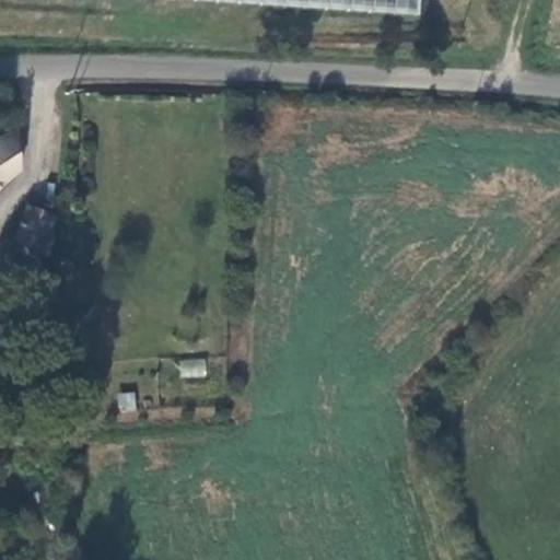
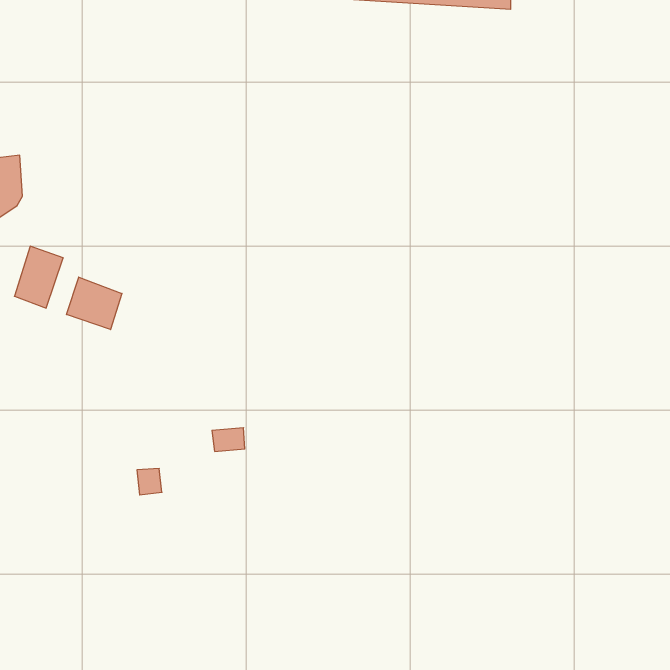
building: none -> [67,277,122,330]

